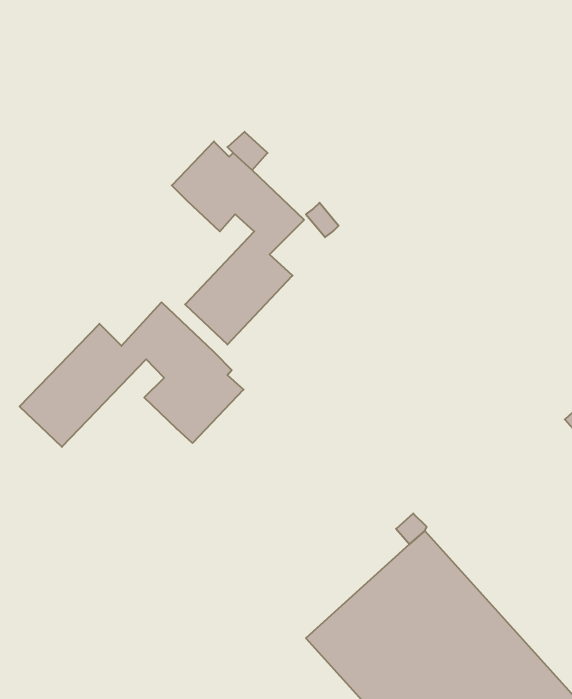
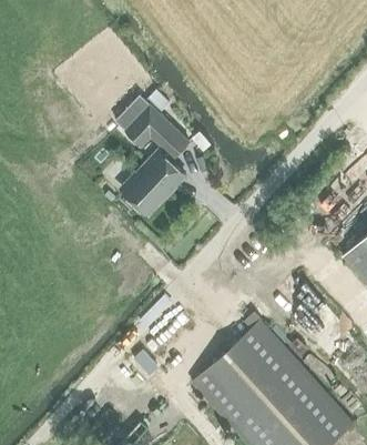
building: [20,302,244,447] -> none

